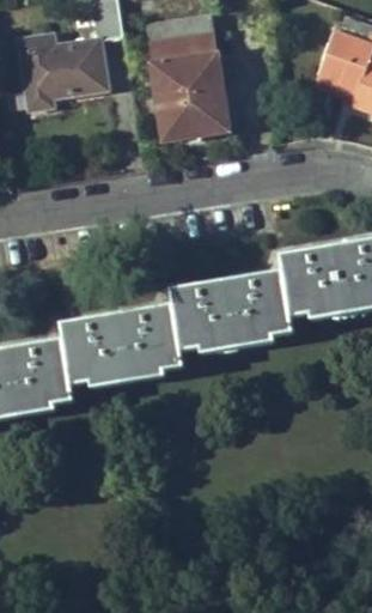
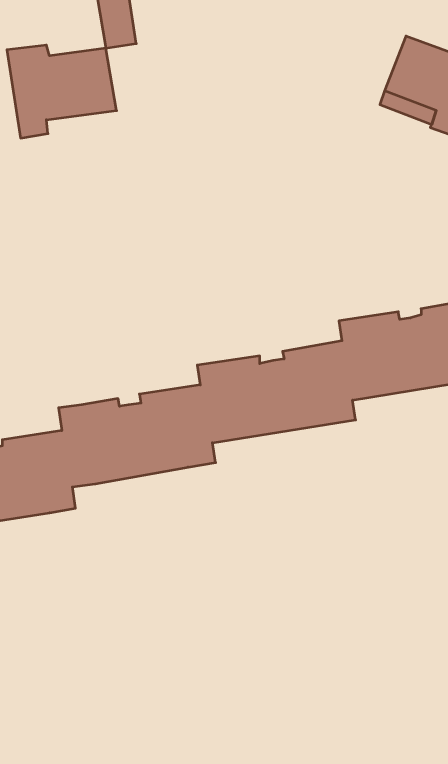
building: [148,14,228,140] -> none

